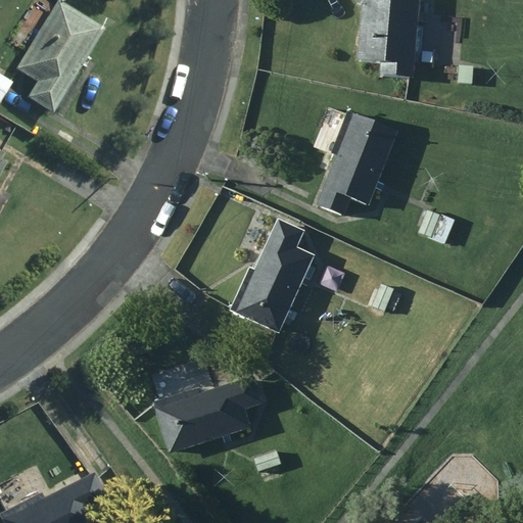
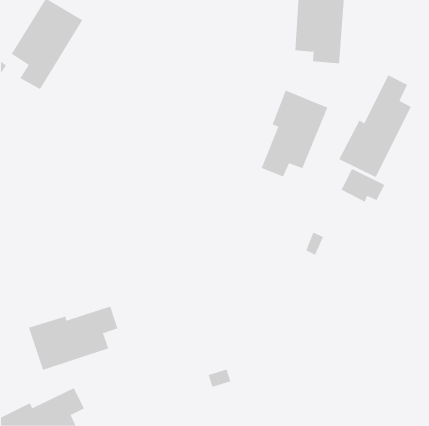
building: none -> [339,75,411,178]
building: [230,218,316,334] -> none
building: [153,374,263,453] -> [28,306,118,370]

